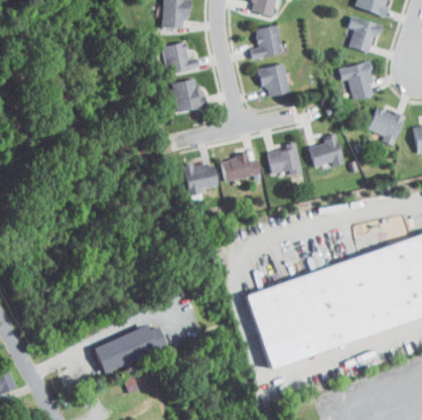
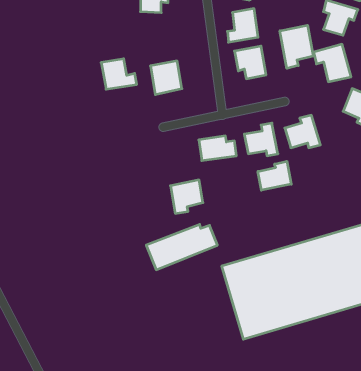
building: none -> [280,25,313,68]
building: [162,42,198,74] -> [101,59,137,89]
building: [184,162,218,196] -> [170,180,203,213]
building: none -> [258,161,291,190]
building: [93,324,165,371] -> [146,224,217,270]

